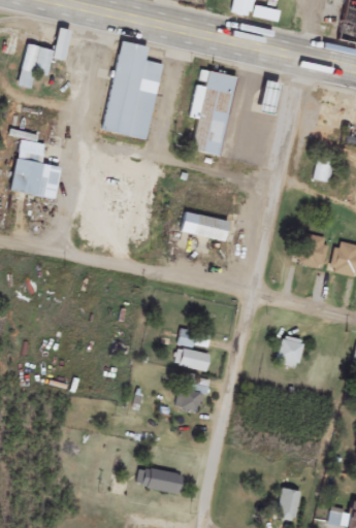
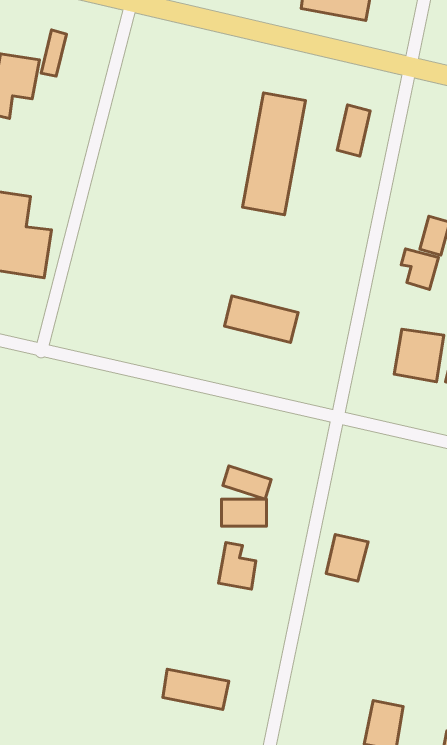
building: [103,40,163,139] -> none
building: none -> [401,249,438,289]
building: [277,335,305,367] -> [326,534,368,581]

